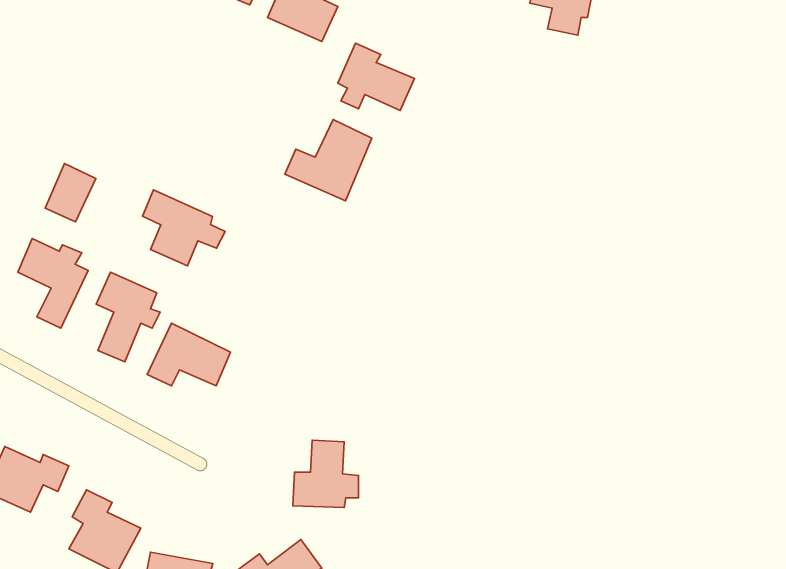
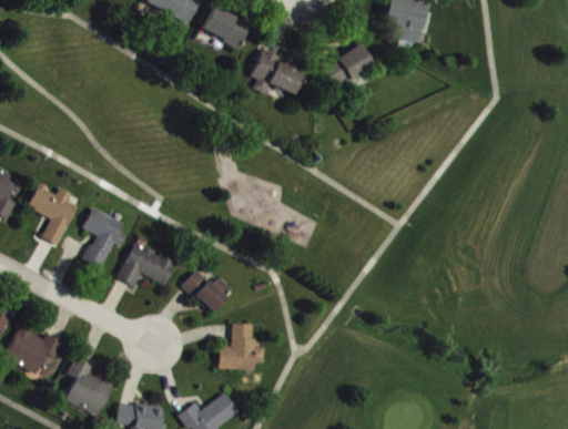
building: none -> [322,40,374,90]
building: [285,120,372,201] -> none
building: [45,164,96,222] -> none
building: [143,190,225,266] -> none
building: none -> [183,270,233,313]

